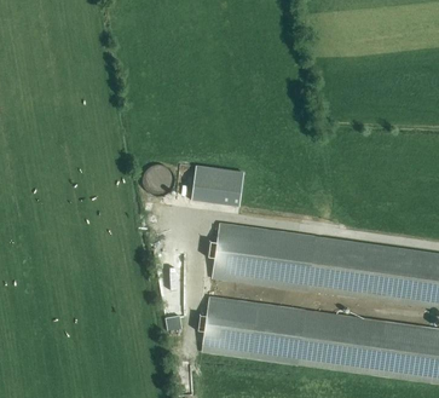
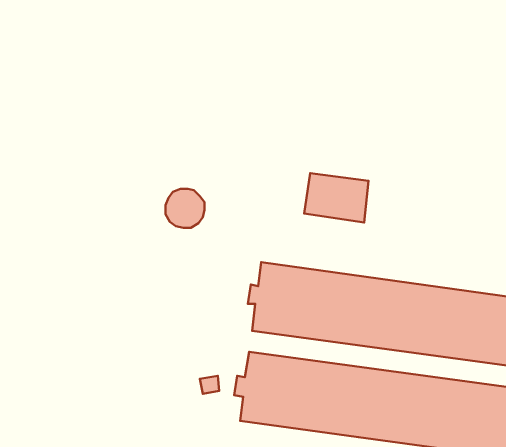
building: [190,166,242,206] -> [304,173,369,223]

